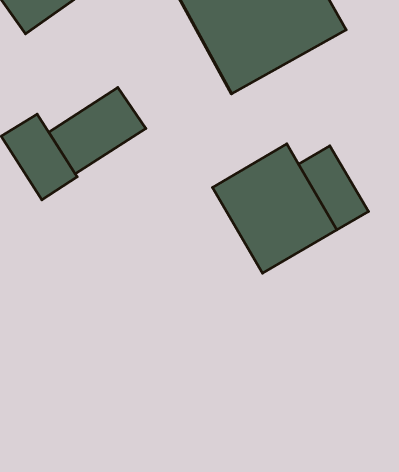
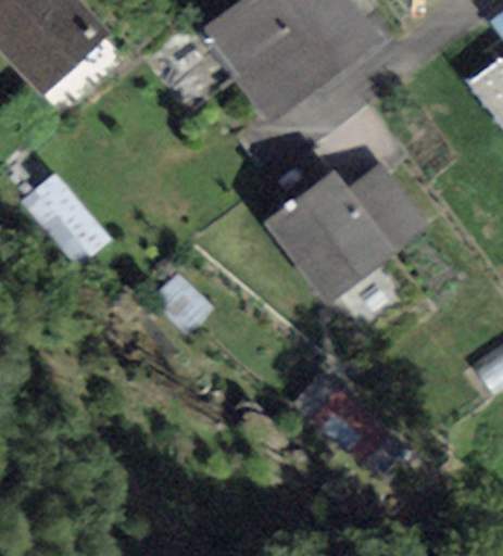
building: [49,88,146,174] -> none

